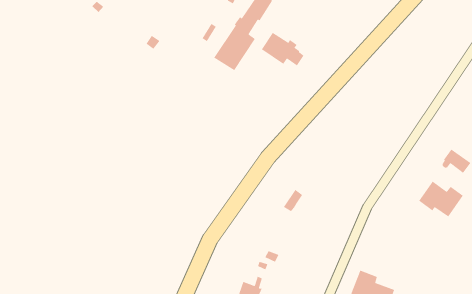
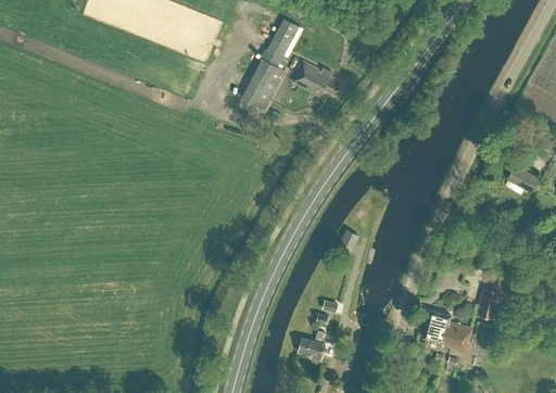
building: [418,181,464,218] -> none
building: none -> [478,290,501,319]

